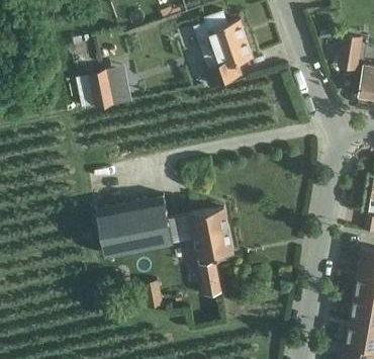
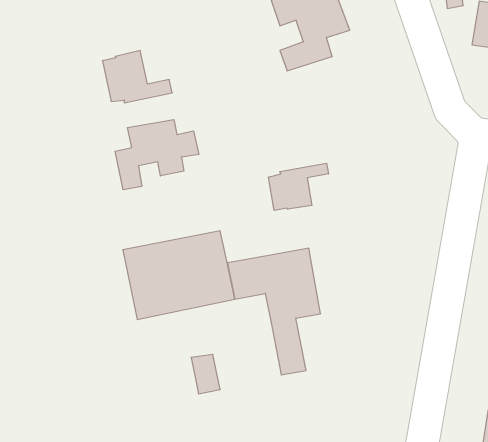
building: none -> [115,120,199,190]
building: none -> [268,163,328,210]

